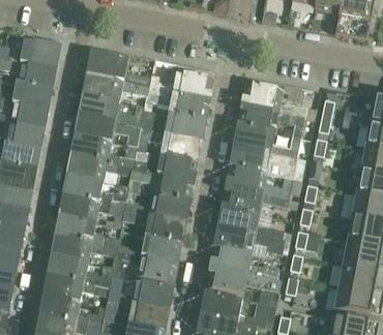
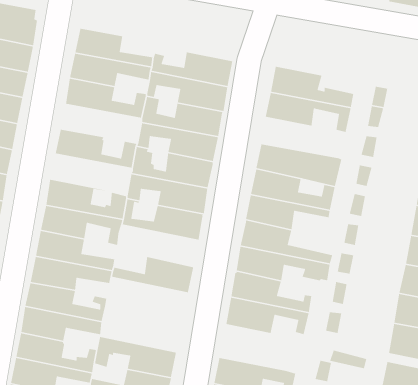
building: [76,112,140,143] -> none
building: [234,122,301,154] -> none
building: [67,151,132,180] -> none
building: [122,207,185,240] -> none
building: [115,248,177,281] -> none
building: [107,271,172,307] -> none
building: [201,291,275,326] -> none

